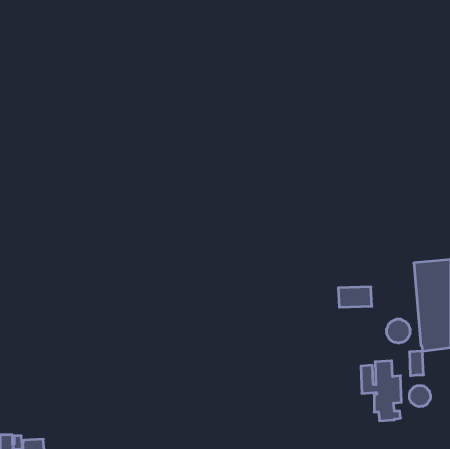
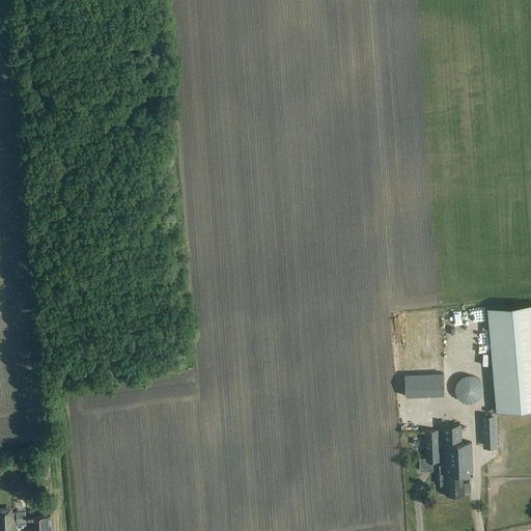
building: [338,287,372,307] -> [406,374,445,398]
building: [409,386,430,407] -> none

